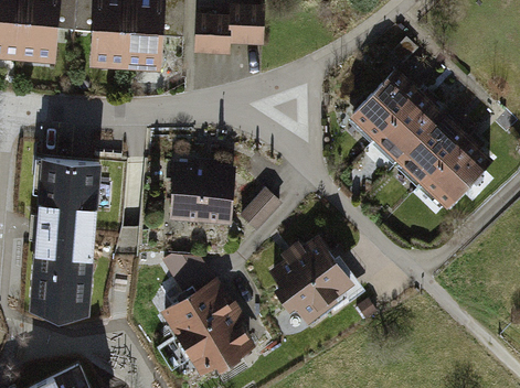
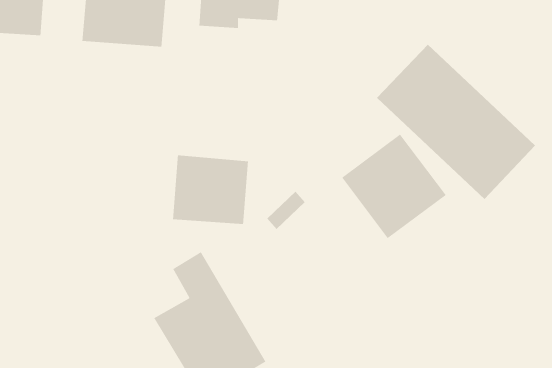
building: [32,159,100,315] -> none
building: [263,231,355,324] -> [341,134,447,239]

